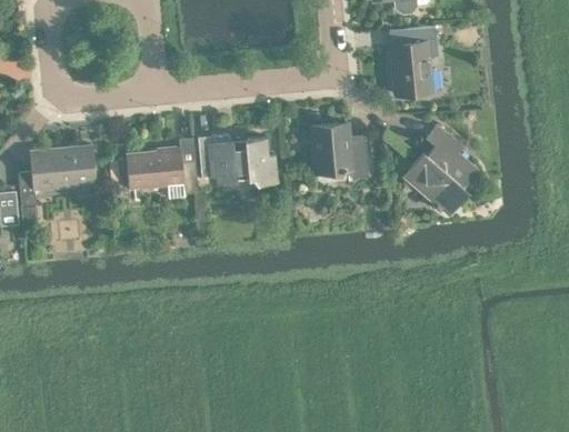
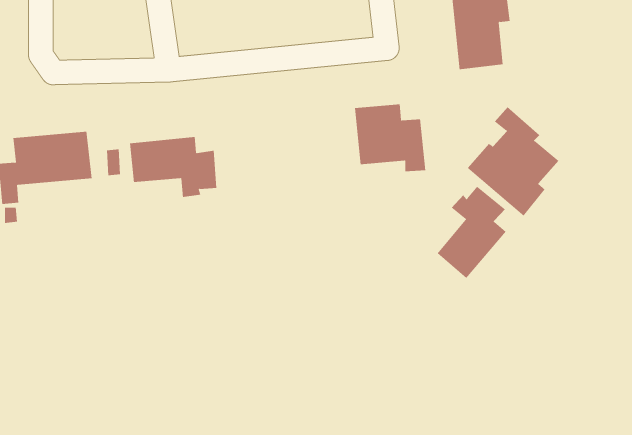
building: [198,134,278,184] -> none
building: none -> [437,186,507,279]

